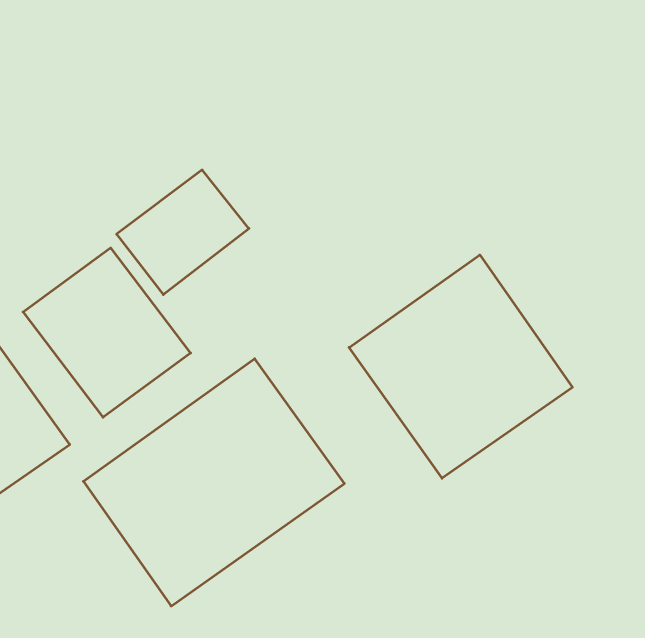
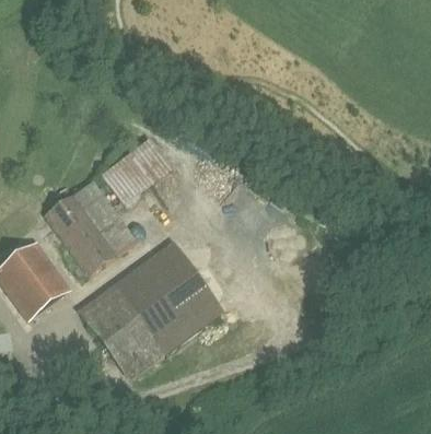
building: [349,255,572,478] -> none

